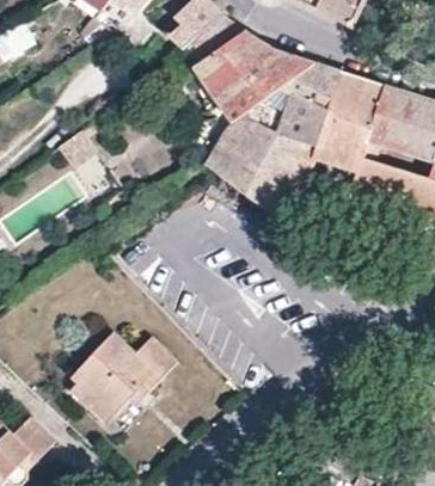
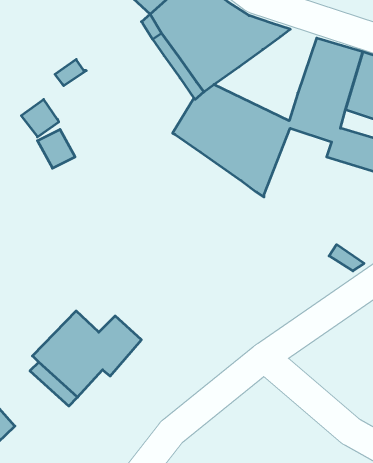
building: [245,63,343,150] -> none

